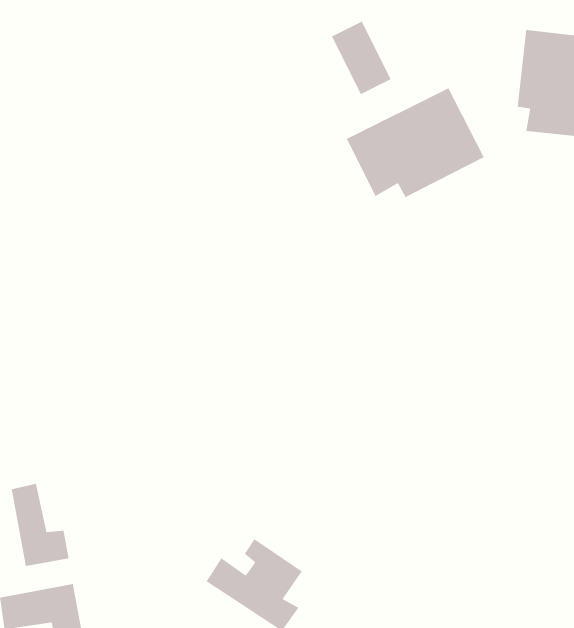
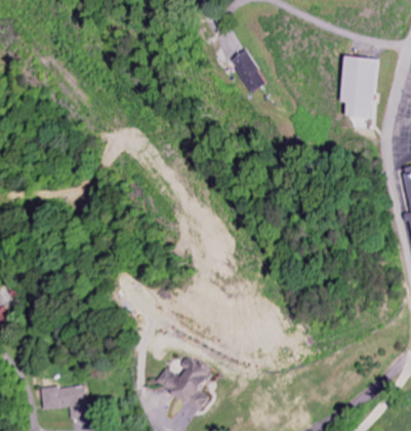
building: [346,87,485,198] -> none
building: [11,483,69,567] -> none

